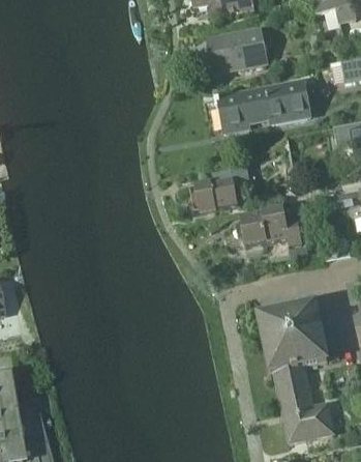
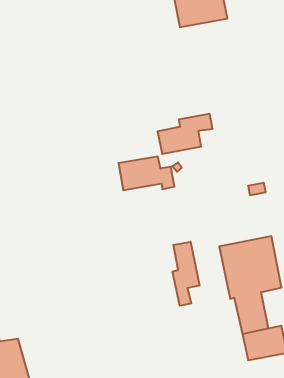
building: [215,81,310,131] -> none
building: [240,207,302,244] -> [118,156,175,190]
building: none -> [173,242,199,306]

